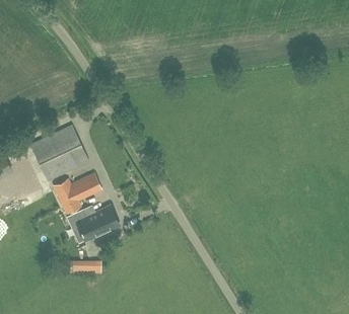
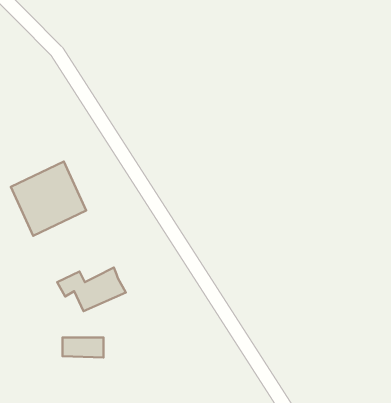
building: [53,173,101,213] -> none

